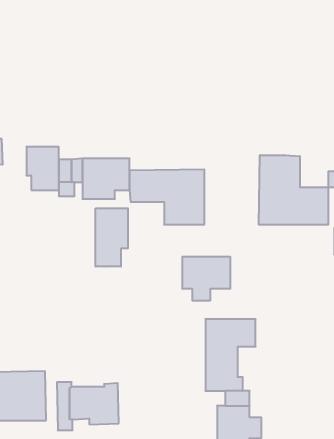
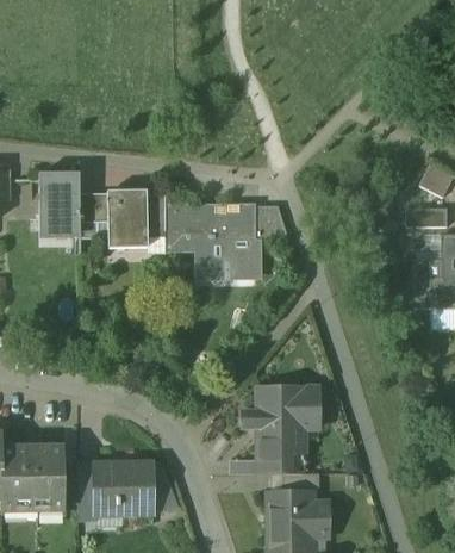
building: [259,155,328,225] -> none
building: none -> [256,206,289,238]
building: [96,208,128,267] -> none
building: [182,257,230,301] -> none

